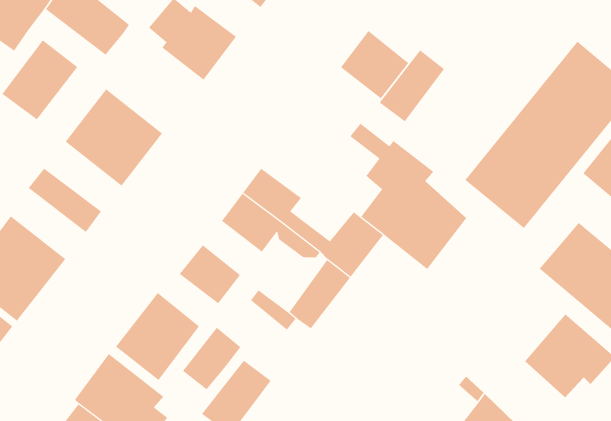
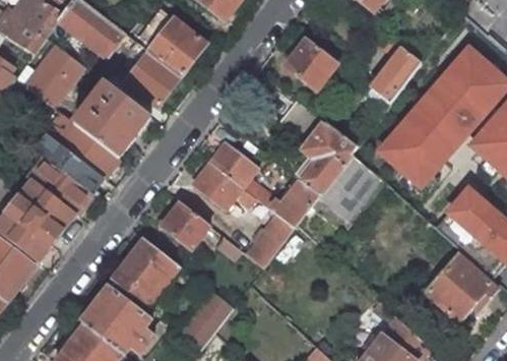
building: none -> [119,33,180,105]
building: [379,49,445,122] -> [369,46,420,102]
building: none -> [57,122,117,176]
building: none -> [29,158,89,213]
building: [182,327,241,390] -> none

